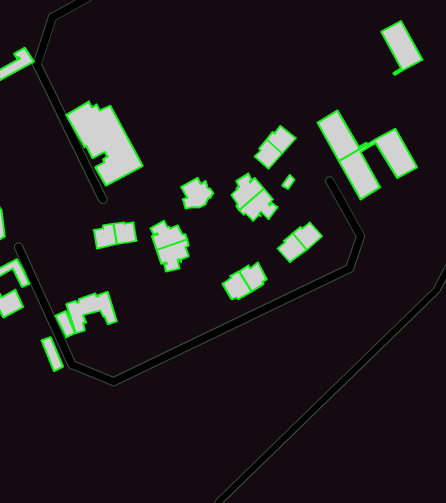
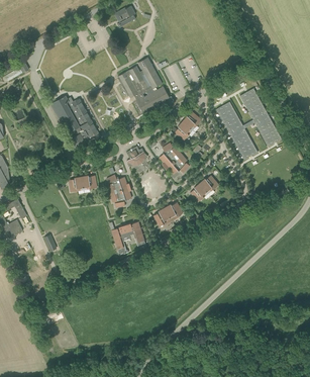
building: [381,21,423,75] -> [240,88,268,123]
building: none -> [118,57,171,113]
building: [66,292,117,333] -> [111,221,144,249]

